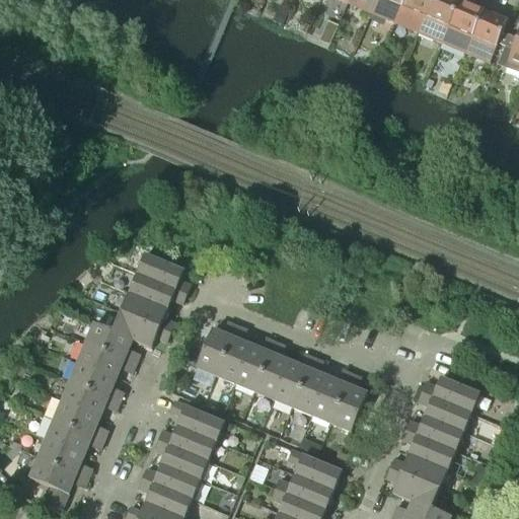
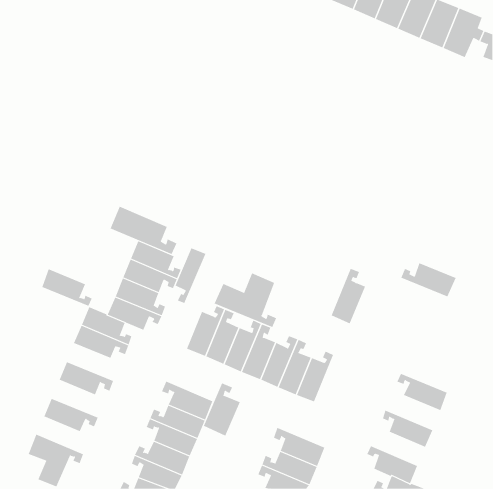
building: none -> [110,206,177,255]
building: none -> [175,248,206,304]
building: none -> [214,273,277,328]
building: [70,360,124,399] -> [41,269,93,306]
building: [330,372,367,431] -> [331,268,366,324]
building: [421,375,479,412] -> [401,263,457,297]
building: [54,398,107,438] -> none
building: none -> [203,383,240,436]
building: [404,415,463,451] -> none
building: [38,437,92,476] -> none
building: [389,453,447,489] -> none

